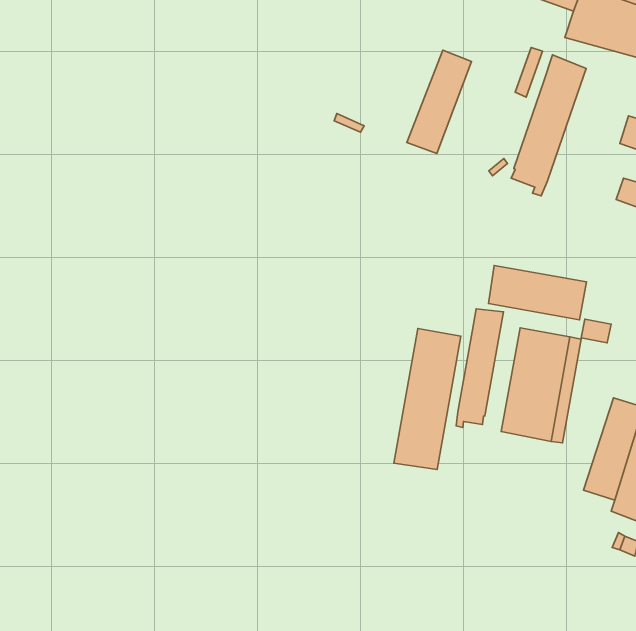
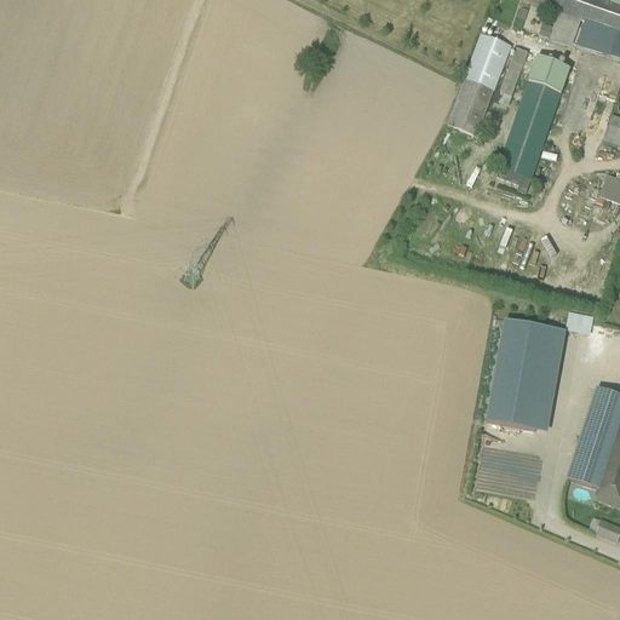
building: [407,50,472,154] -> [448,33,511,133]
building: [488,265,586,320] -> none
building: [456,309,504,427] -> none
building: [394,328,461,469] -> none

